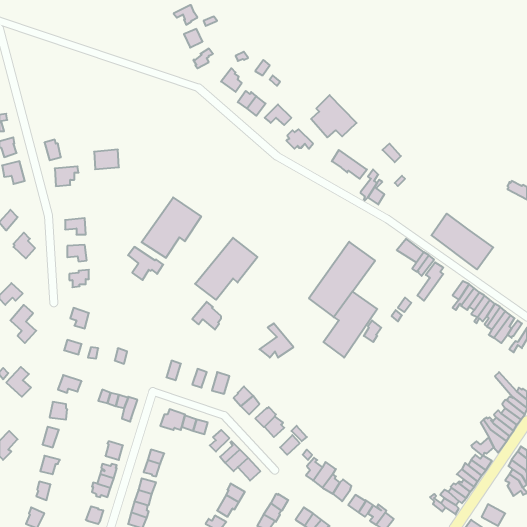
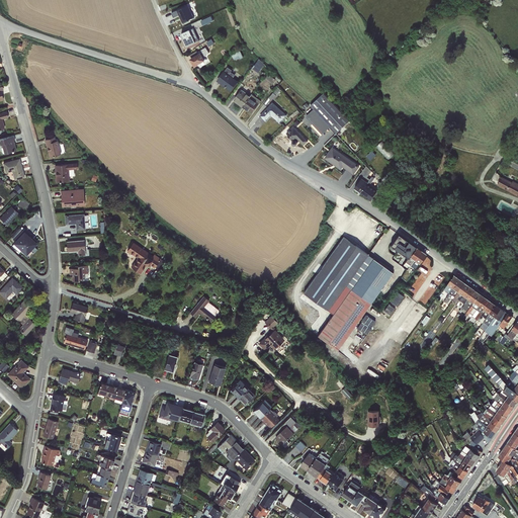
building: [94,150,119,169] -> [60,189,84,208]
building: [142,197,201,258] -> none
building: [431,214,493,269] -> none
building: [195,238,257,300] -> none
building: none -> [345,256,392,304]

